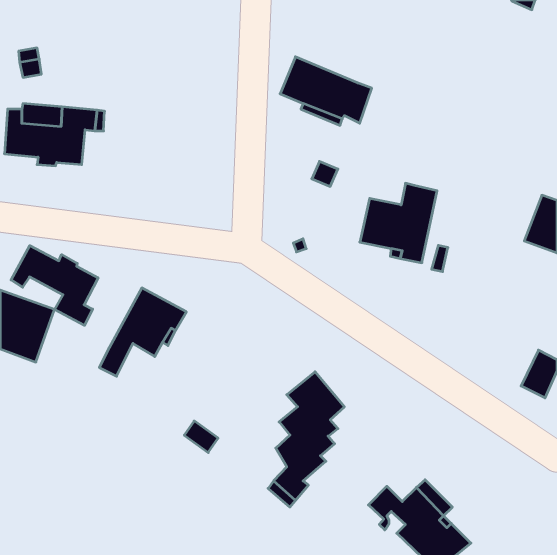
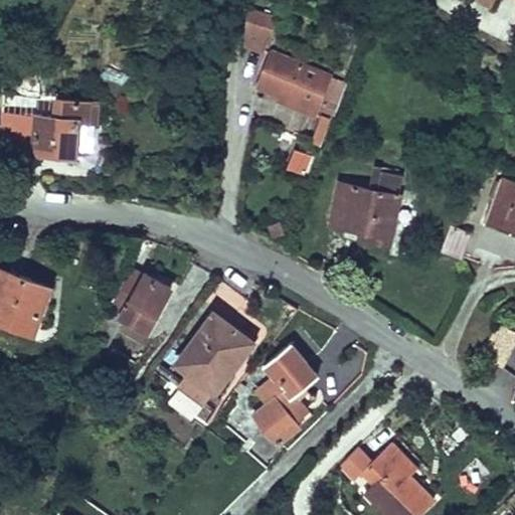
building: none -> [245,11,276,53]
building: [11,246,98,325] -> none
building: none -> [177,314,253,410]

